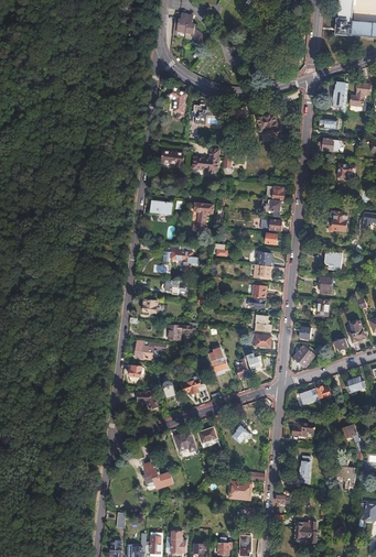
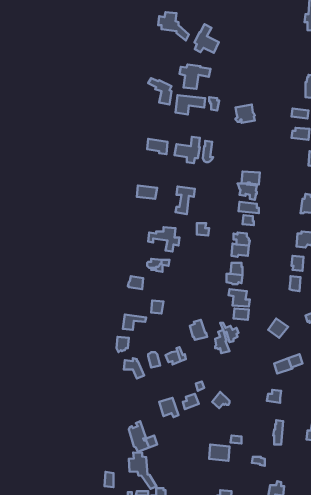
building: none -> [195,24,219,53]
building: none -> [180,65,210,89]
building: none -> [129,453,156,489]

